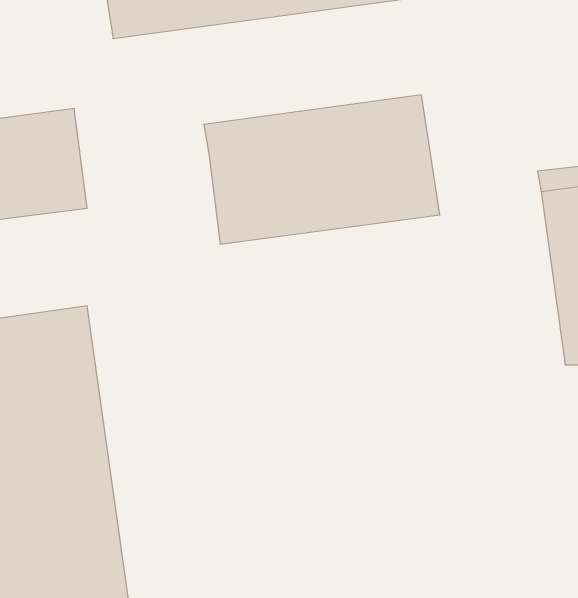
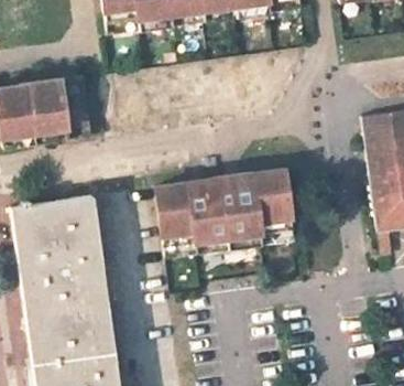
building: [204,95,440,244] -> [154,167,295,256]

